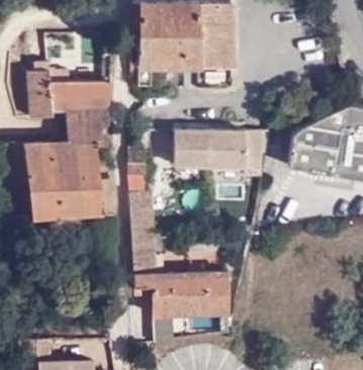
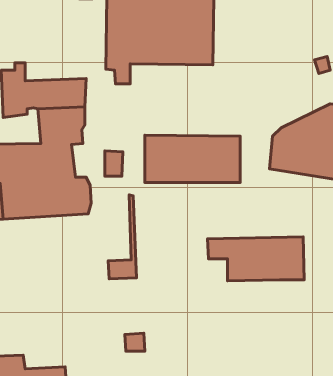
building: [130,192,155,256] -> none
building: [134,273,228,315] -> [208,237,304,281]

